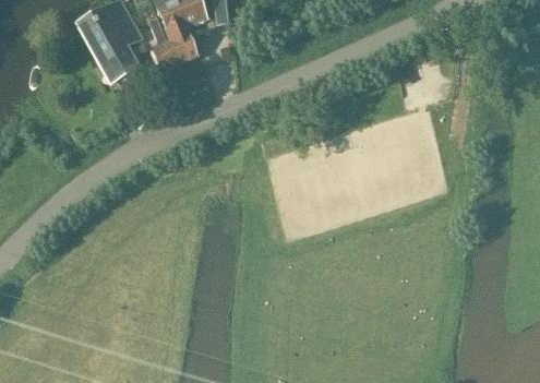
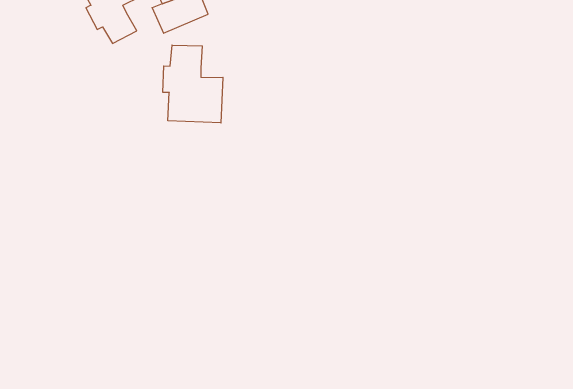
building: none -> [163,45,223,123]

